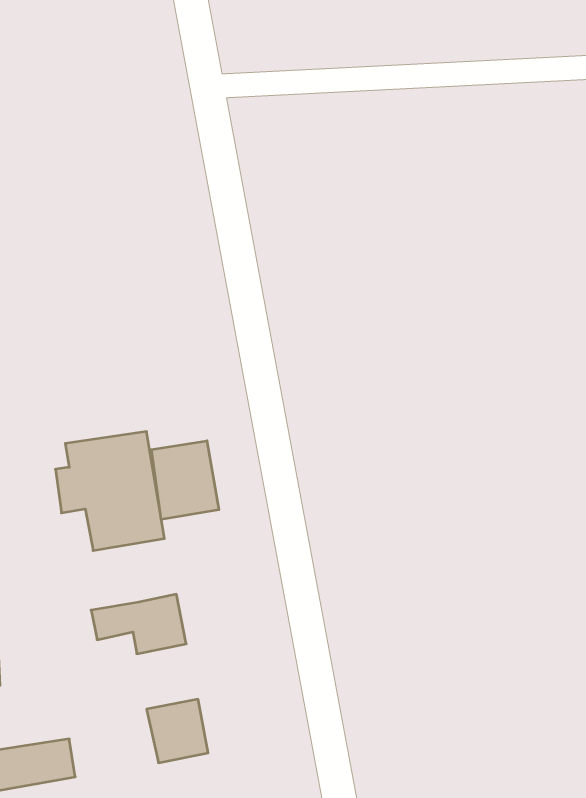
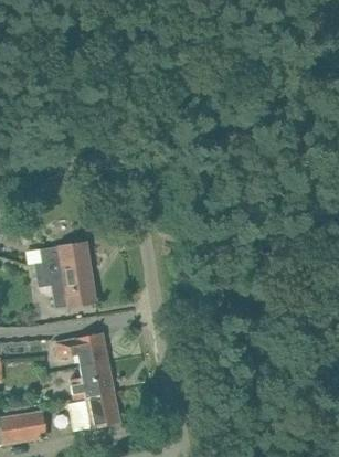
building: [151,441,219,519] -> none
building: none -> [70,360,114,398]

